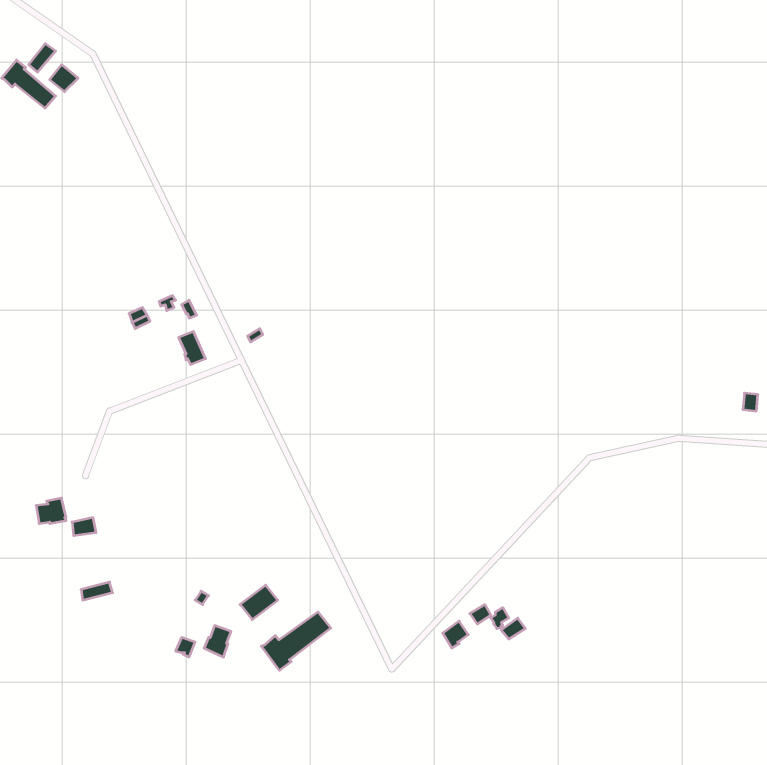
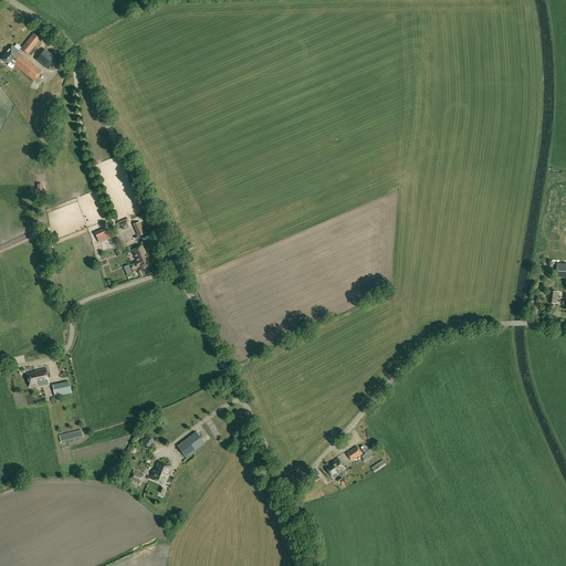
building: [261,612,331,670] -> none

